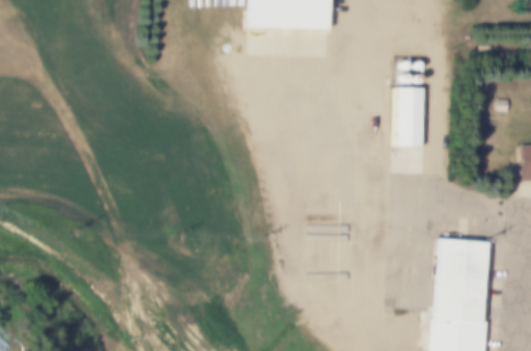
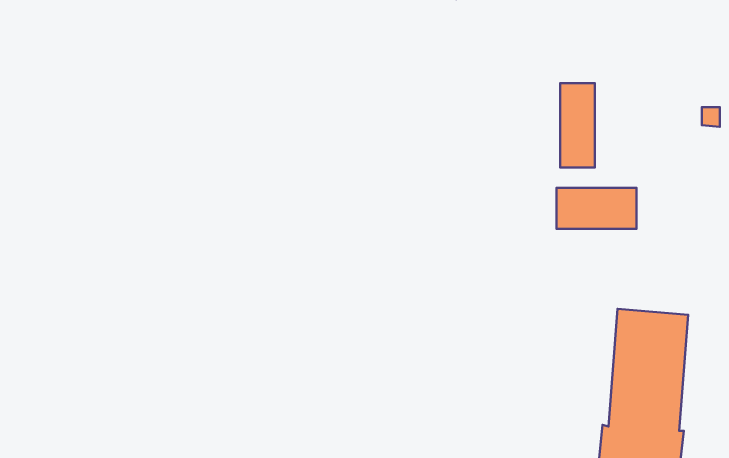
building: none -> [556,188,636,229]

